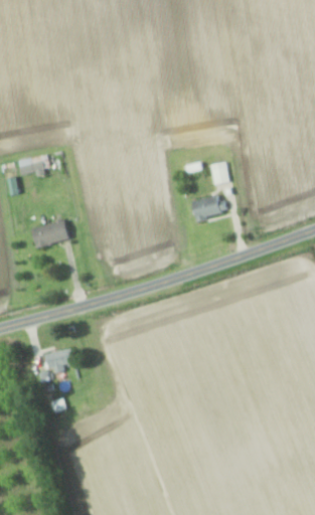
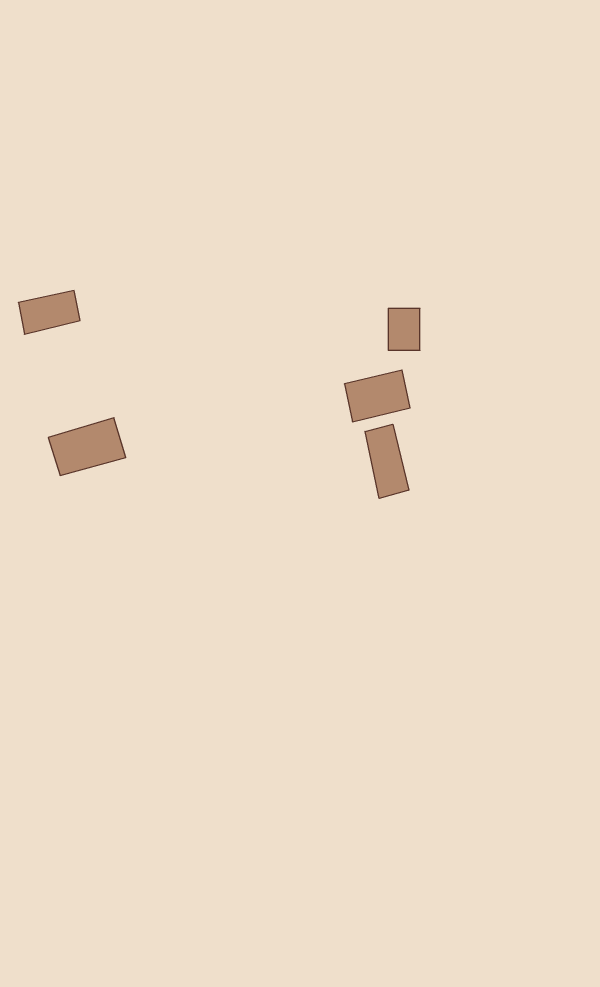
building: none -> [365,424,409,498]
building: [45,345,77,374] -> none

